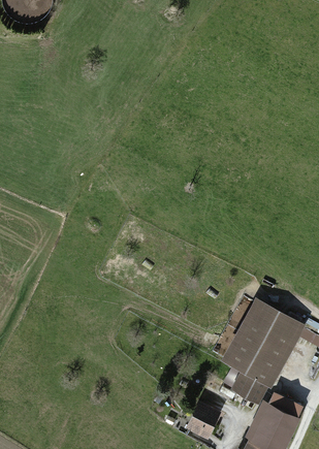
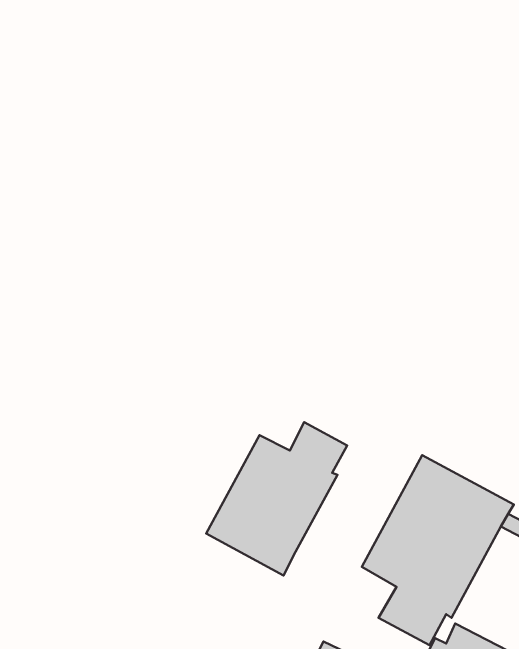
building: none -> [206,422,347,575]

